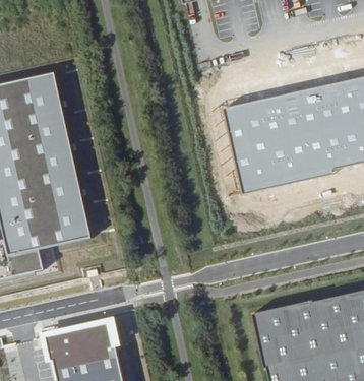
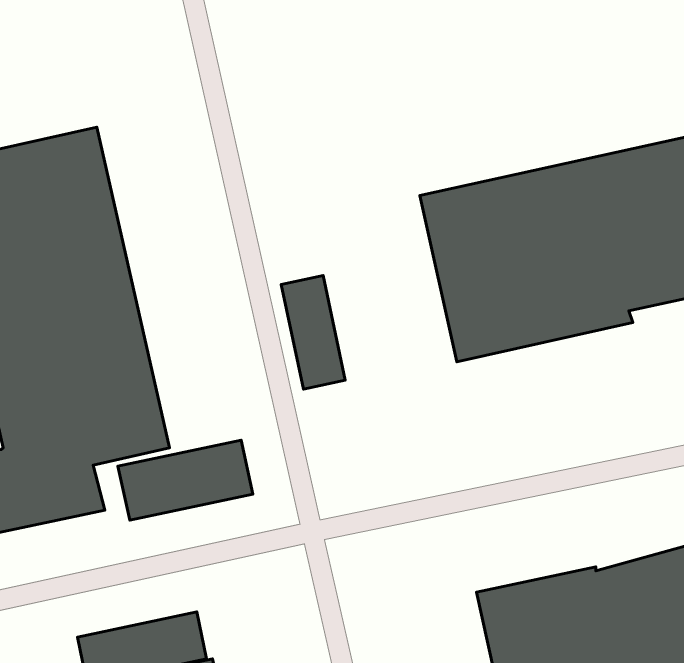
building: none -> [281,276,345,389]
building: none -> [118,440,253,520]

